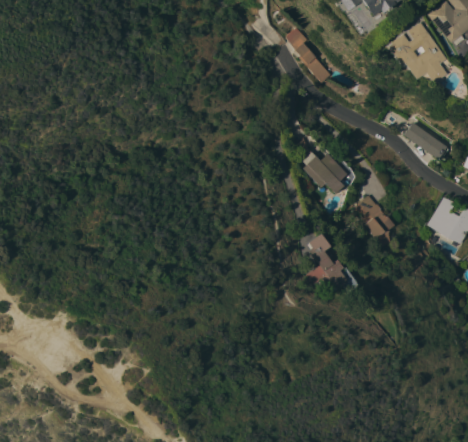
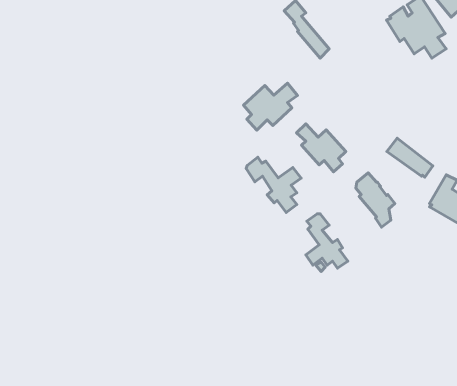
building: none -> [244,83,298,130]
building: [403,122,448,160] -> [387,138,433,177]
building: none -> [246,157,301,213]

